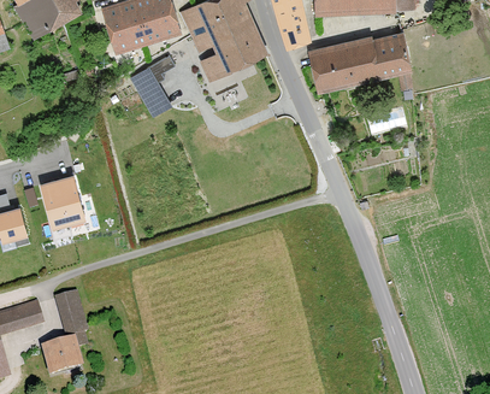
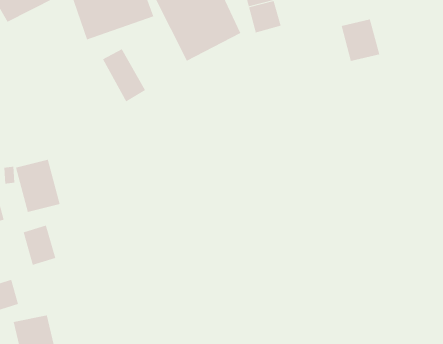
building: [307,37,380,95] -> none
building: [53,289,87,330] -> [23,225,56,265]

